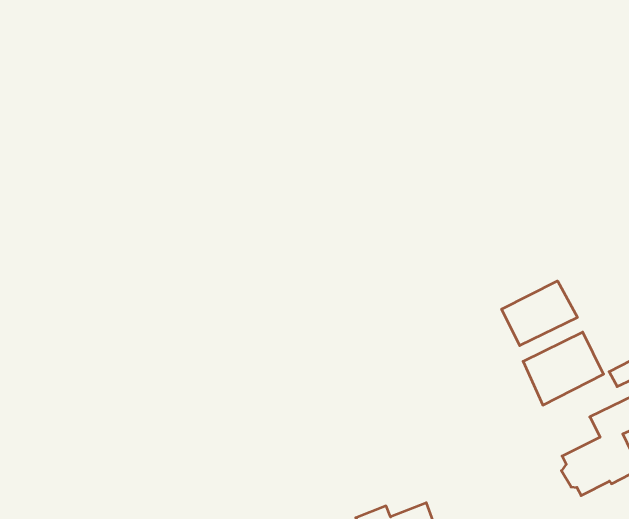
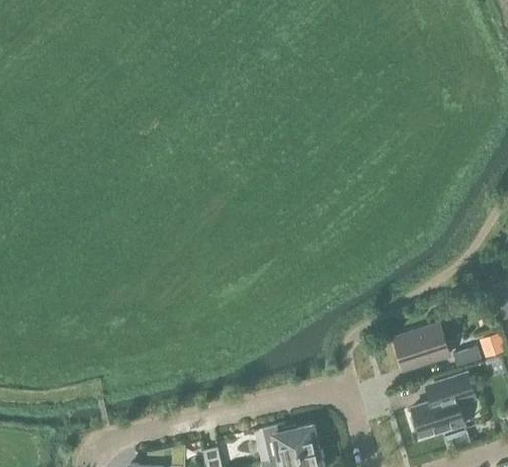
building: [502,281,577,346] -> none

